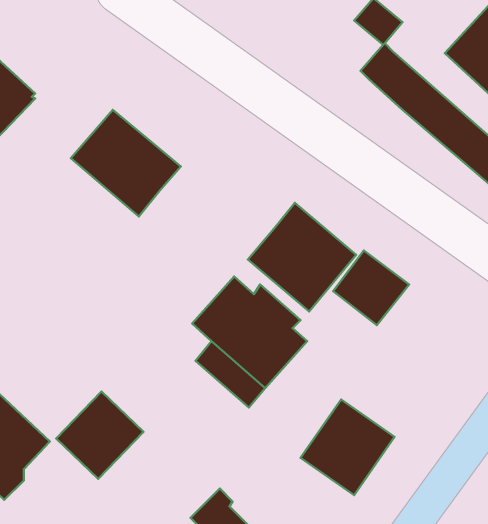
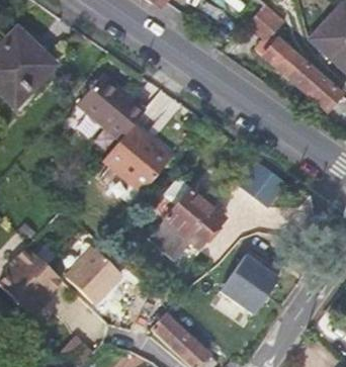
building: [248,203,356,311] -> [102,124,170,192]

